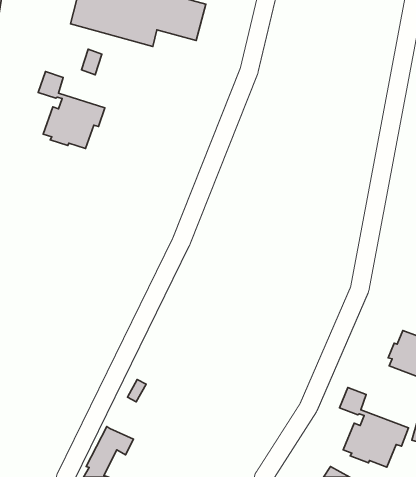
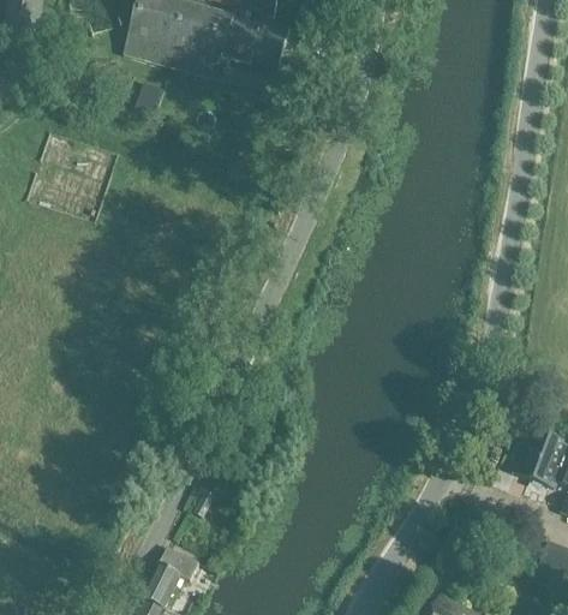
building: [38,72,105,148] -> none
building: [340,387,408,467] -> none

